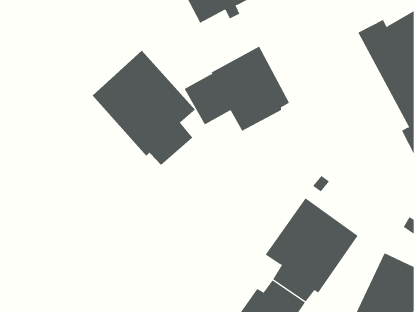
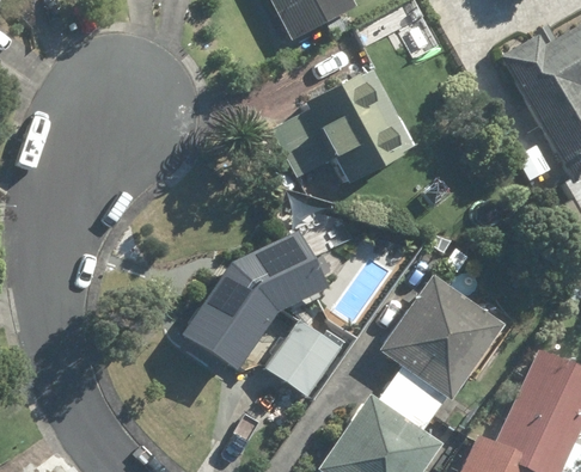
building: [92,50,196,166] -> none
building: none -> [183,228,335,374]
building: none -> [263,319,340,398]

